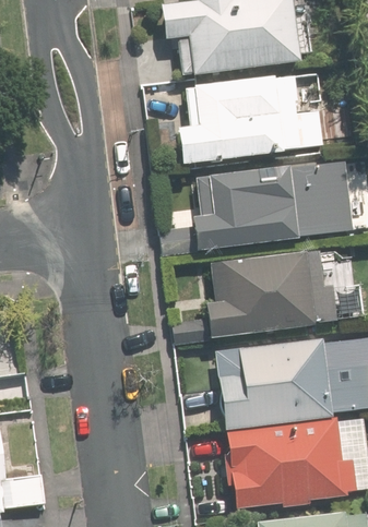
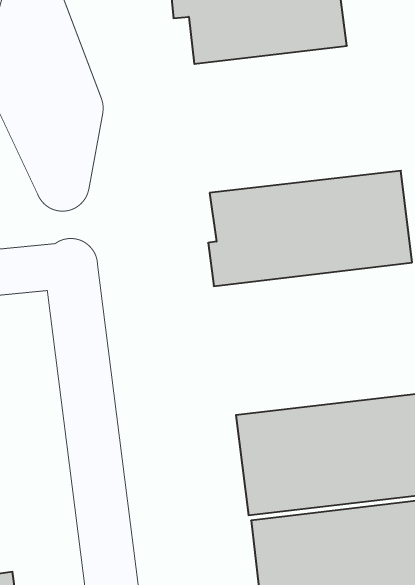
building: [179,73,318,163] -> none
building: [211,250,330,336] -> none

